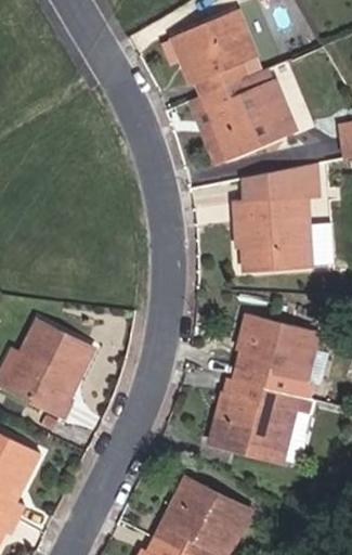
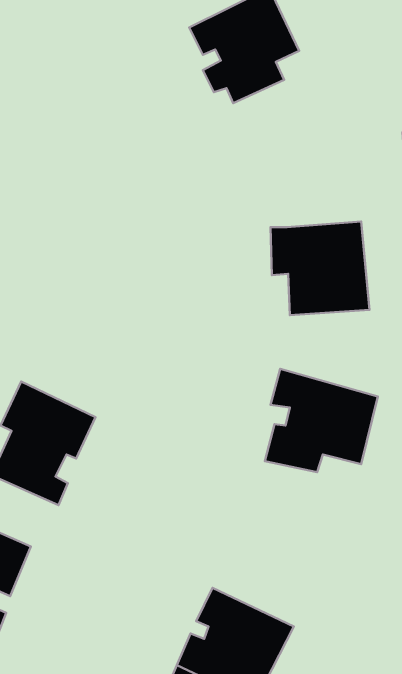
building: [204,81,295,167] -> none
building: [244,165,315,197] -> none
building: [205,382,297,465] -> none

